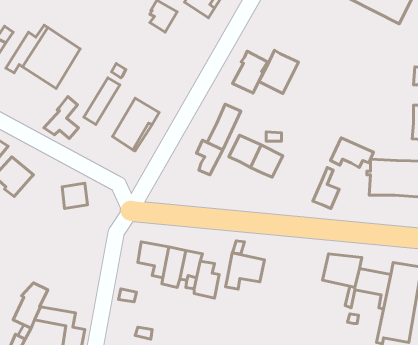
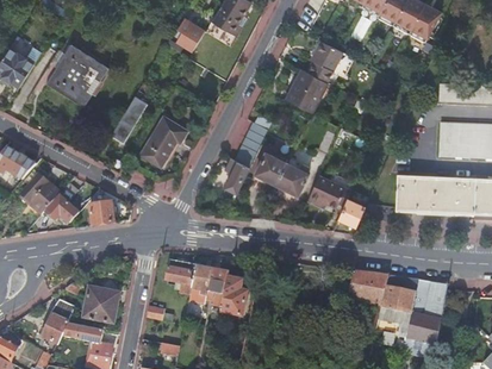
building: [233,51,267,93] -> [306,39,341,81]
building: [44,97,79,138] -> [45,181,80,223]
building: [330,138,374,168] -> [309,174,351,204]
building: [225,253,265,289] -> none
building: none -> [82,286,119,323]

